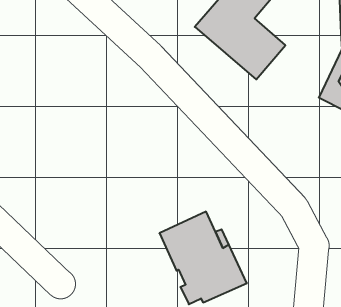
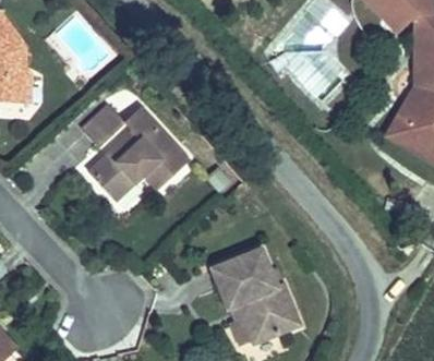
building: none -> [82,106,189,201]

